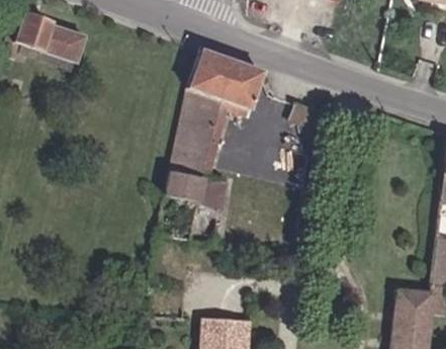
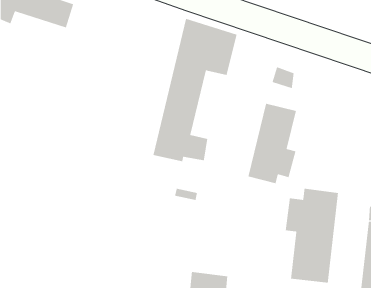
building: none -> [248,103,297,184]
building: none -> [285,188,339,284]

